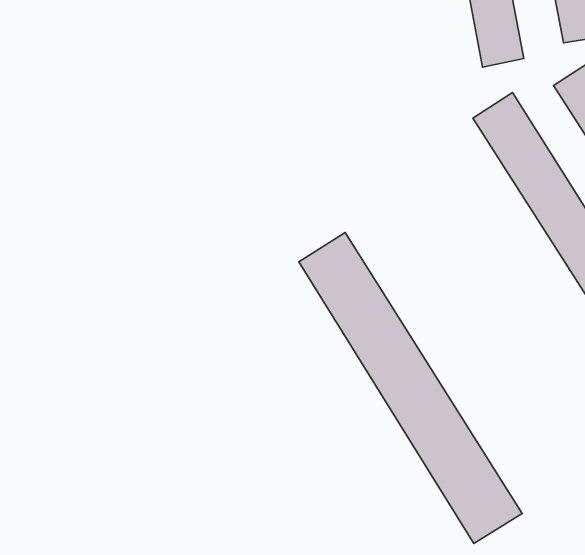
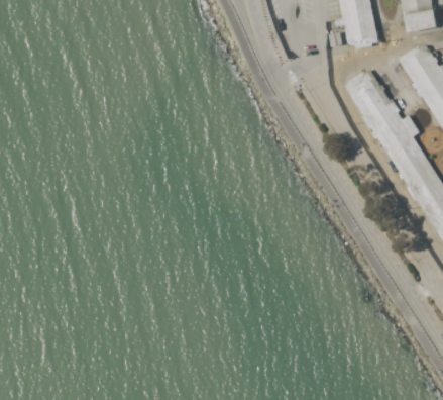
building: [299,233,522,544] -> none

